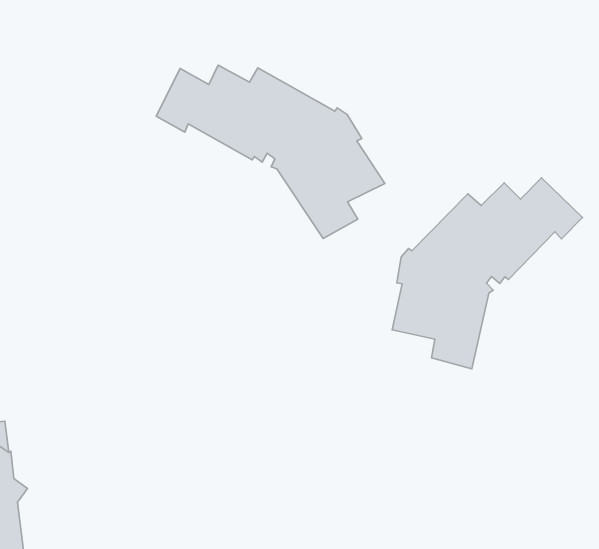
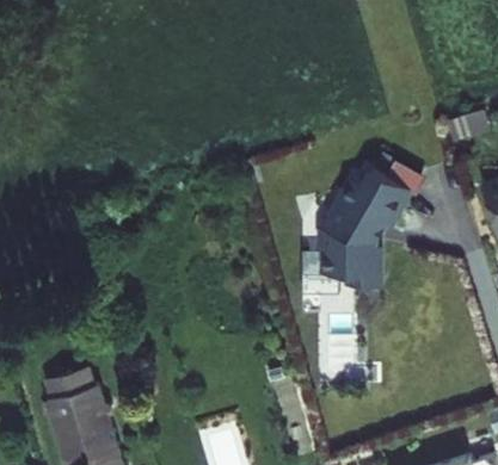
building: [156,65,385,238] -> none

